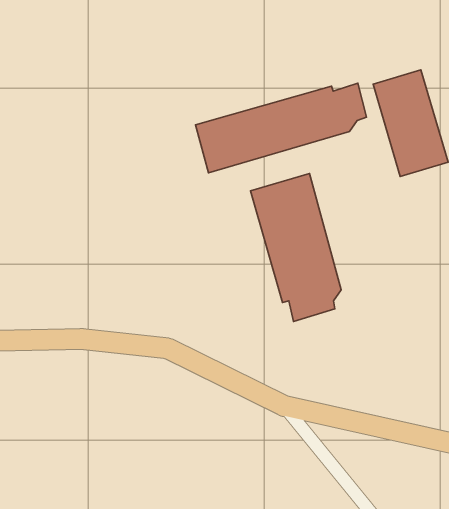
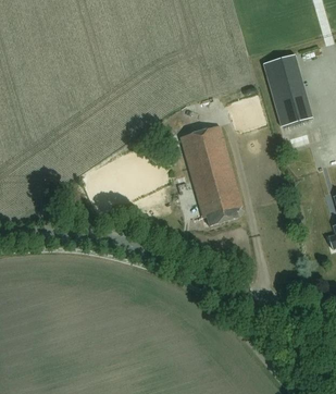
building: [196,83,366,173] -> none

